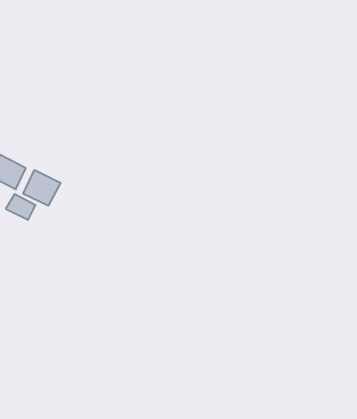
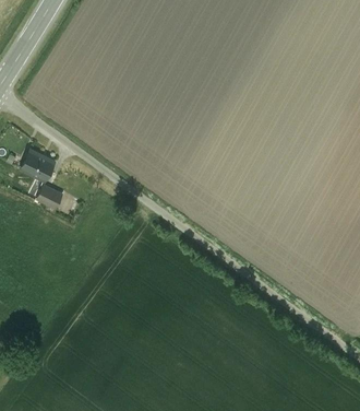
building: [23,170,60,206] -> none

